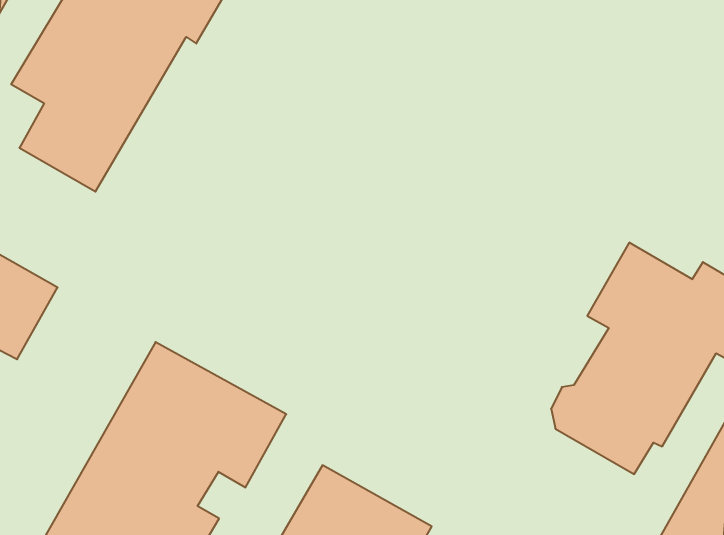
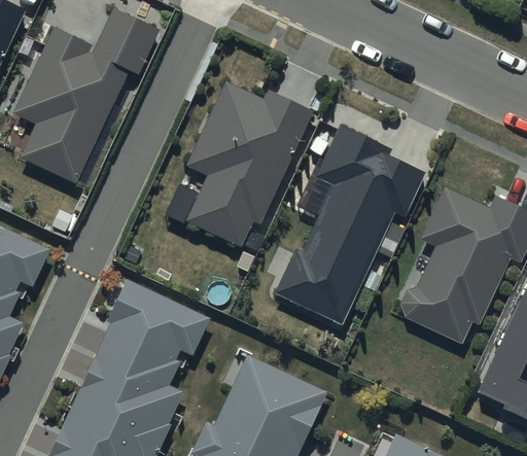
building: none -> [183,80,313,248]
building: none -> [275,126,425,324]

